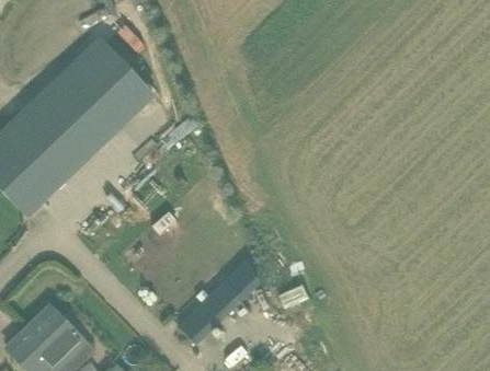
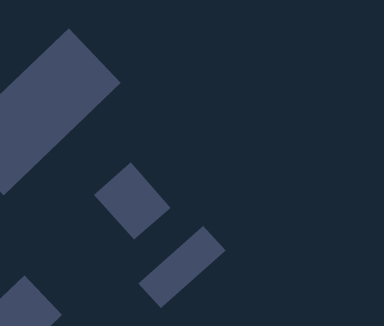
building: none -> [93,161,172,241]

